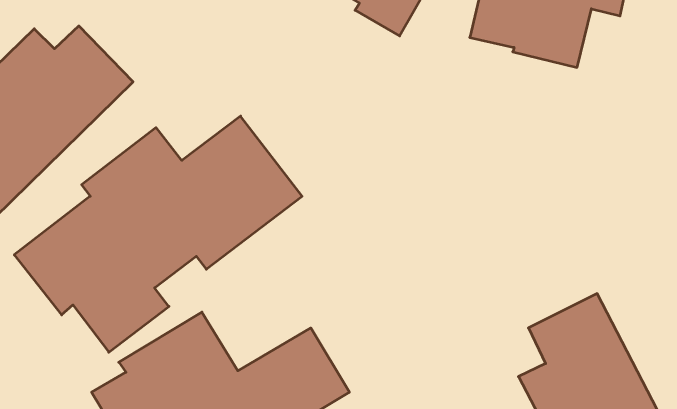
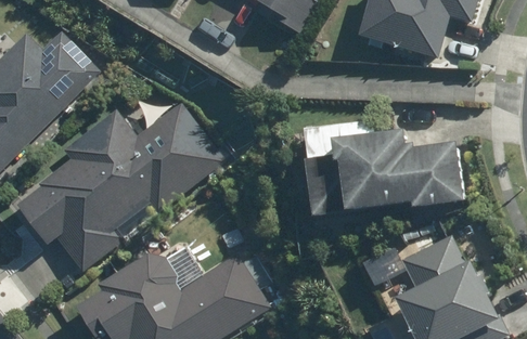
building: none -> [301,120,464,221]

